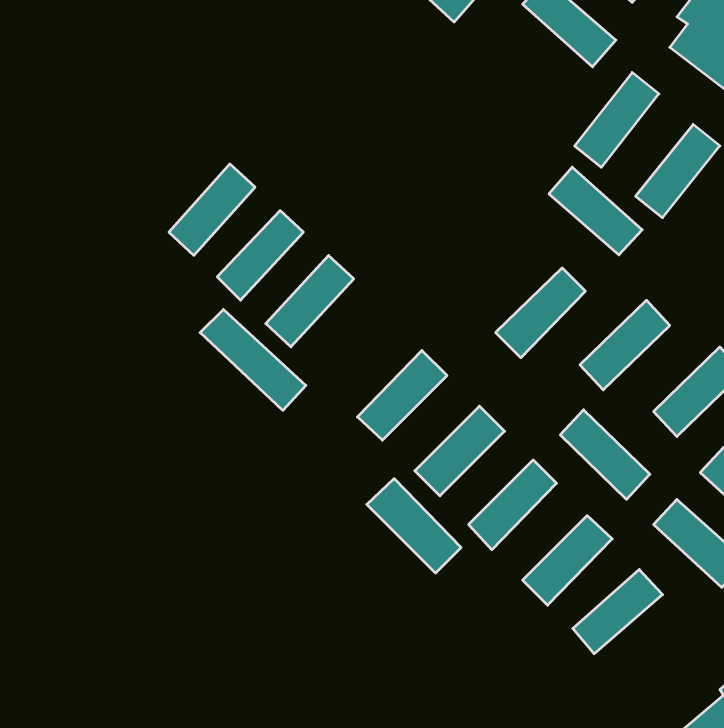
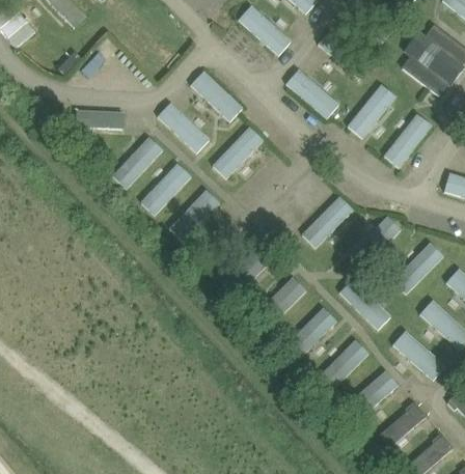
building: none -> [189,71,242,121]
building: none -> [157,102,210,154]
building: none -> [75,109,124,129]
building: none -> [212,126,263,178]
building: [549,167,642,255] -> [284,67,338,118]
building: [200,309,306,410] -> none
building: [367,479,461,573] -> none
building: none -> [379,400,427,447]

